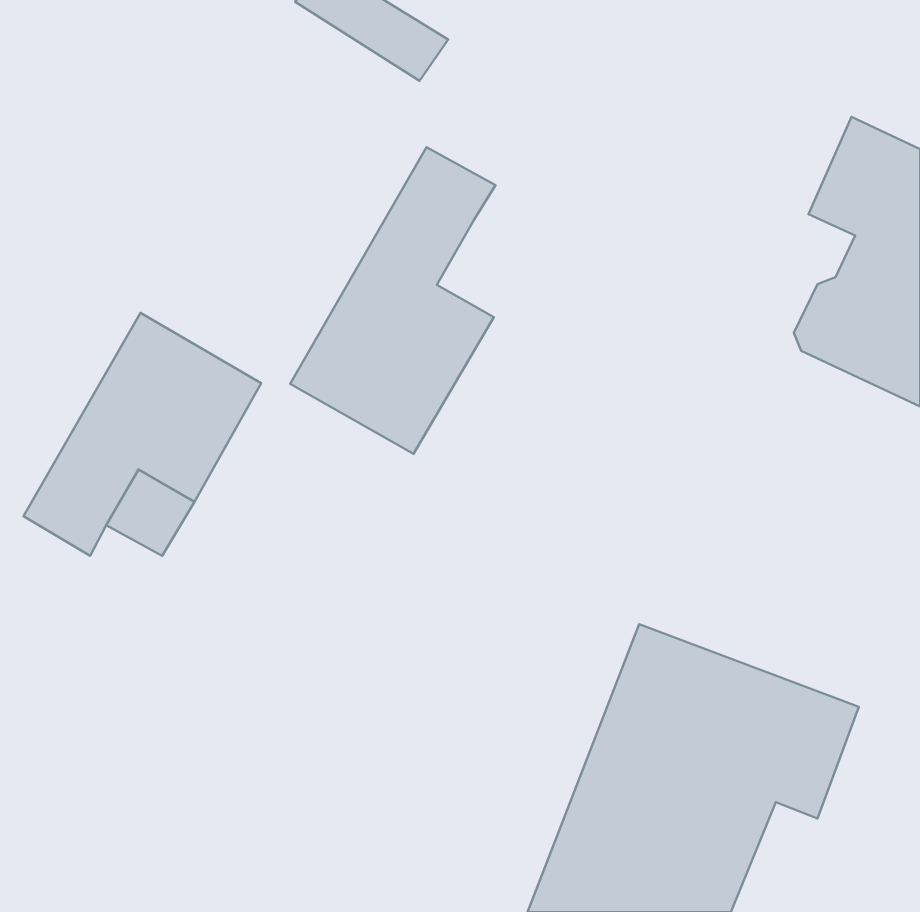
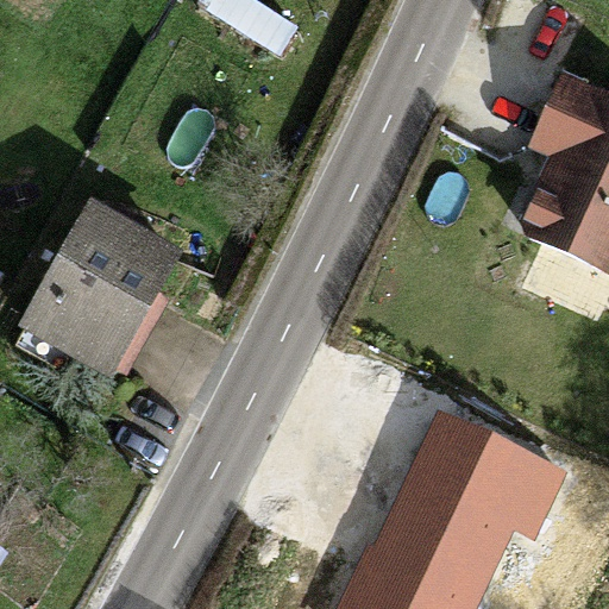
building: [290,147,495,454] -> none

